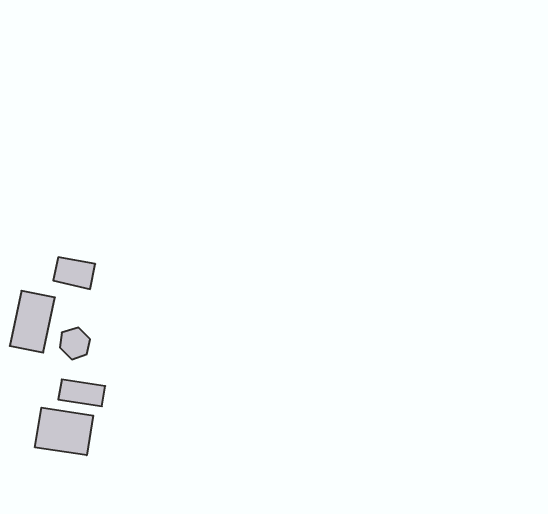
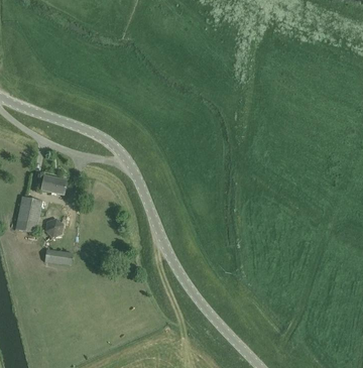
building: [35,408,93,455] -> none

